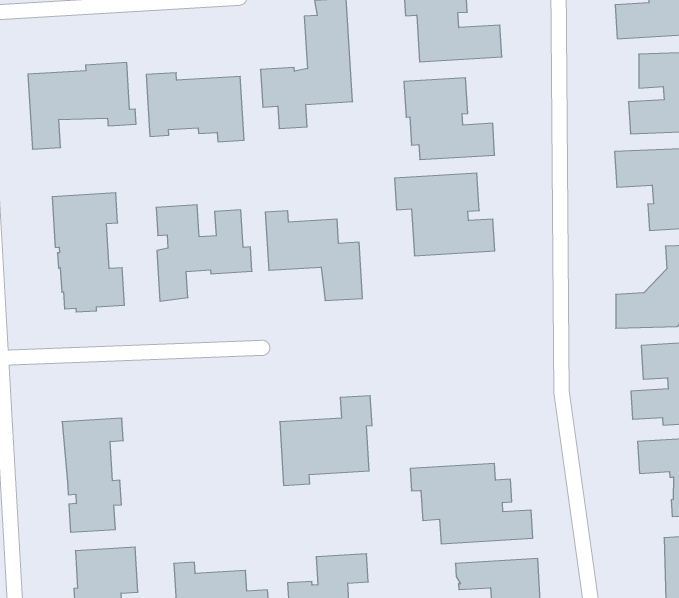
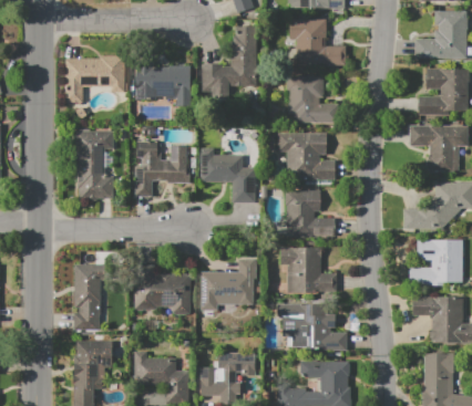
building: none -> [286,190,335,237]
building: none -> [280,247,321,293]
building: none -> [134,266,191,314]

